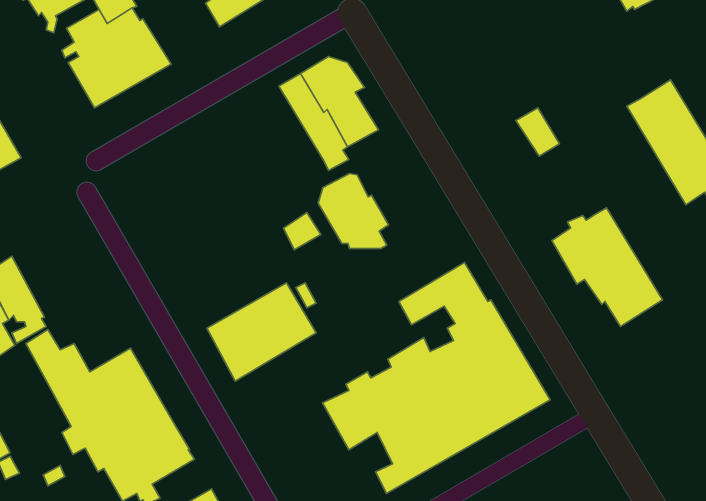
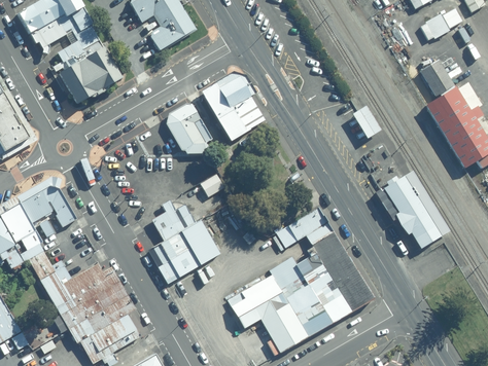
building: none -> [420,62,455,99]
building: [318,173,389,248] -> [167,104,213,153]
building: none -> [19,176,78,237]
building: none -> [151,200,197,242]

